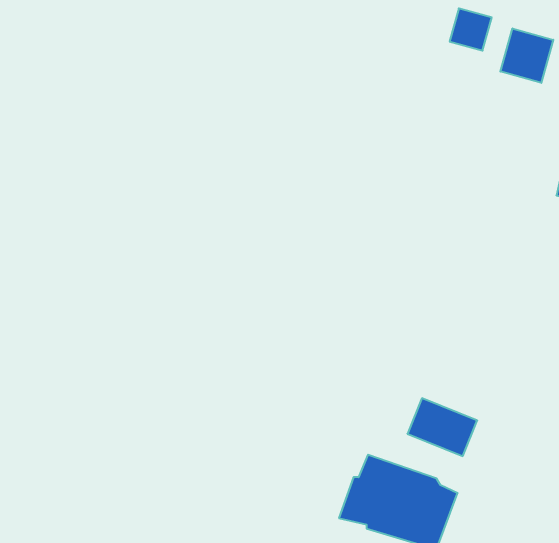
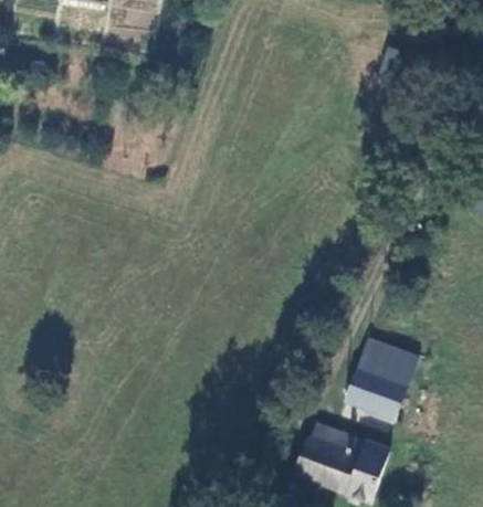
building: [500,28,553,83] -> none
building: none -> [358,338,419,392]

